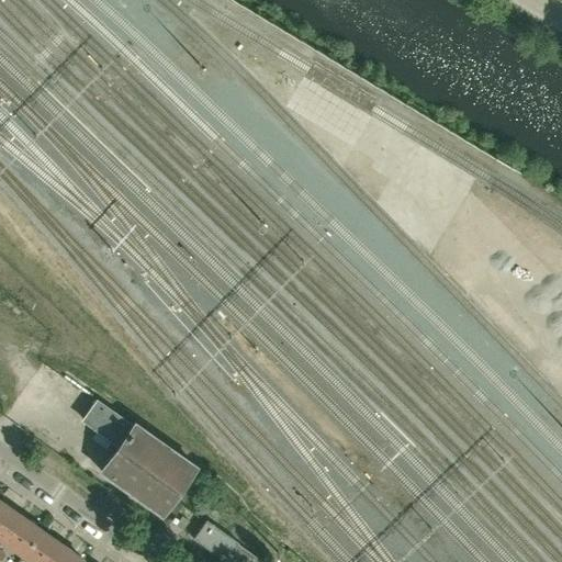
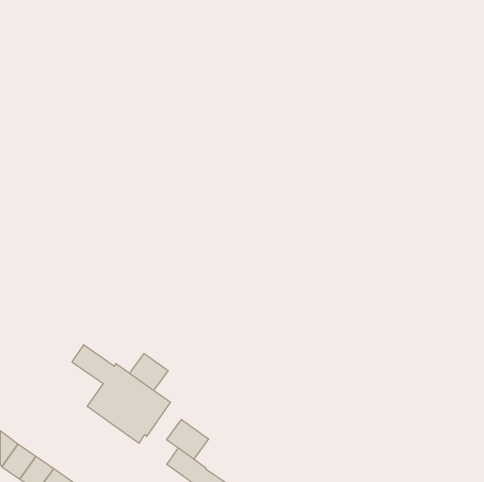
building: none -> [129,353,168,390]
building: none -> [167,419,209,459]

